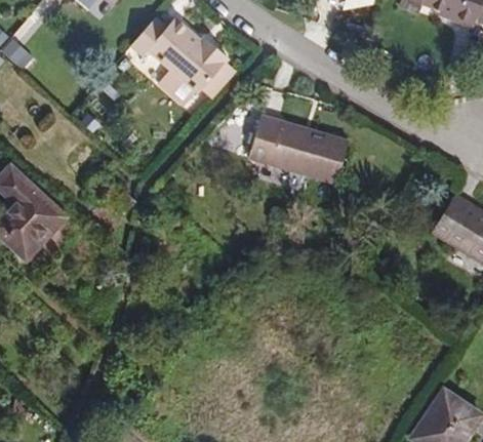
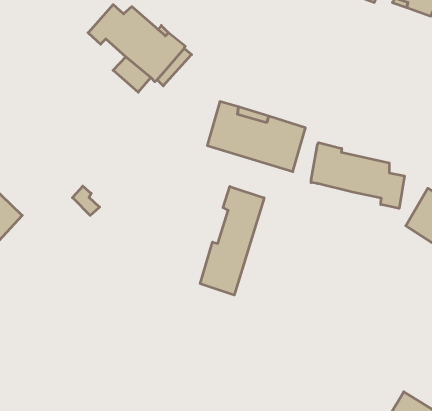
building: none -> [311,143,404,208]
building: none -> [200,186,264,295]

